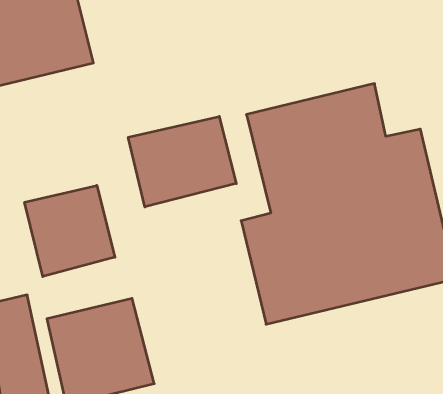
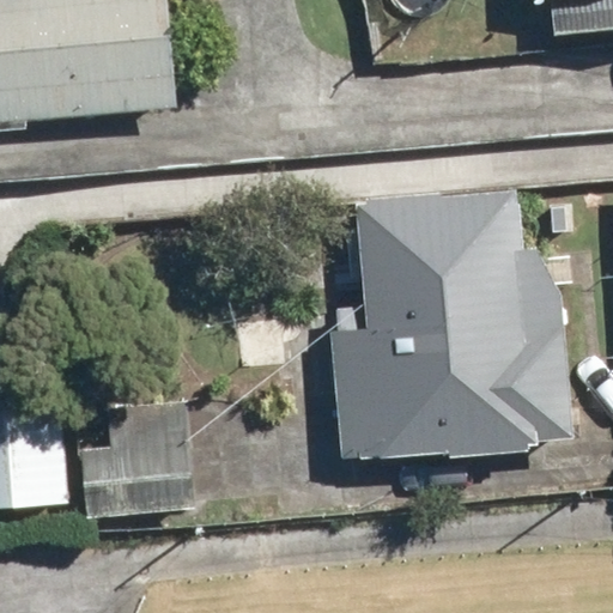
building: [128,116,236,207] -> none
building: [25,185,115,277] -> none

